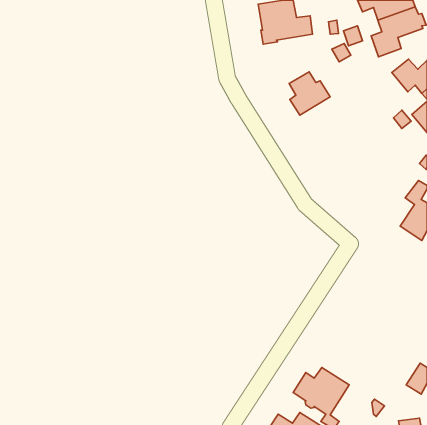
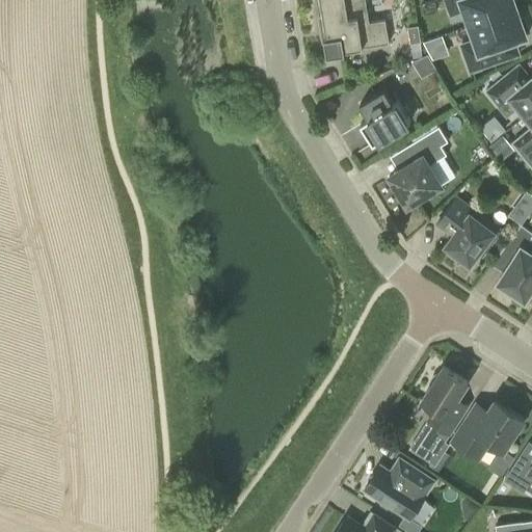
building: none -> [390,128,455,207]
building: none -> [437,198,501,265]
building: none -> [422,368,468,435]
building: none -> [451,401,524,460]
building: none -> [409,433,446,467]

